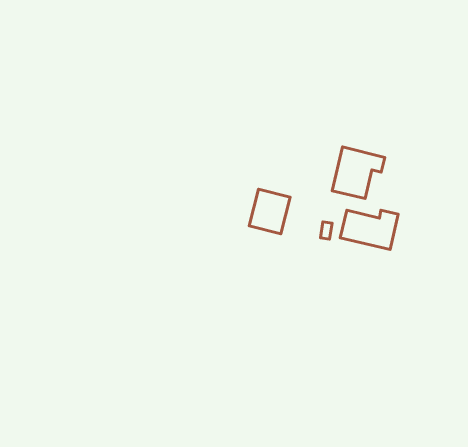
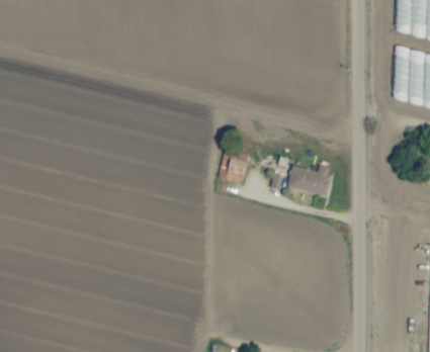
building: [332,147,385,199] -> none

